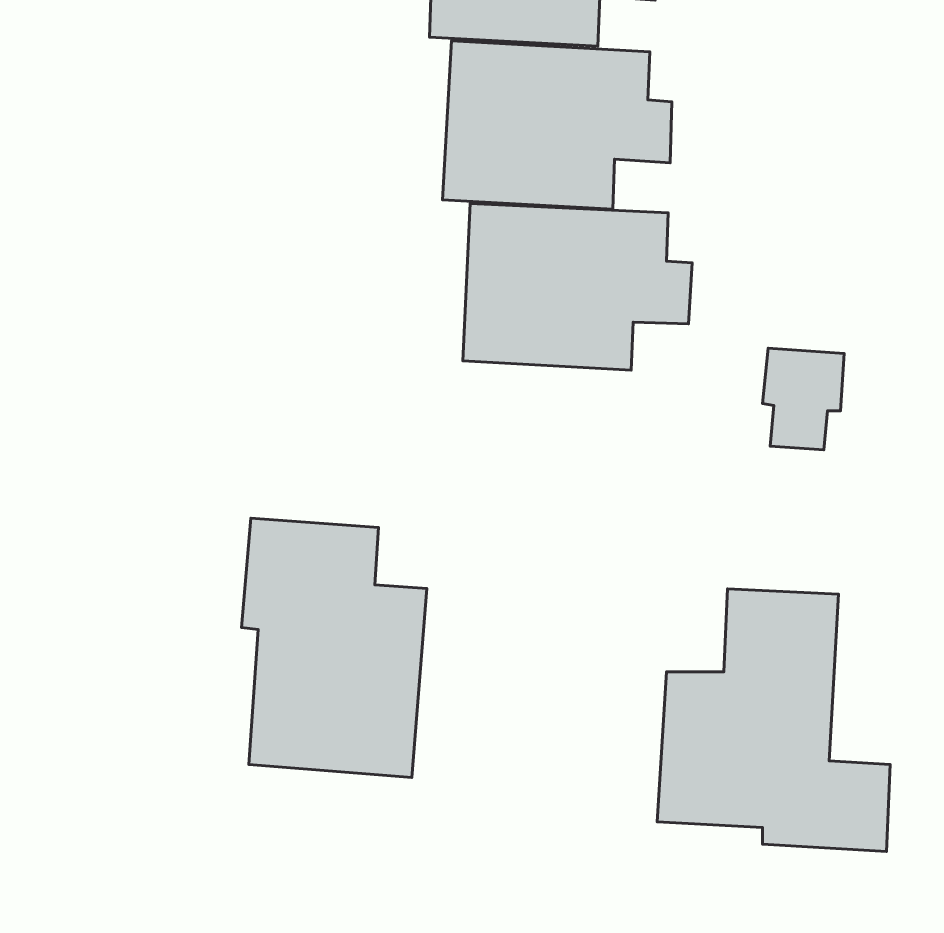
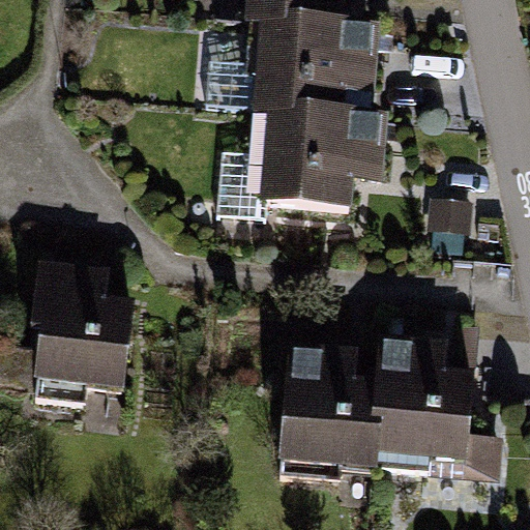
building: [242,518,427,777] -> [30,262,134,407]
building: none -> [278,338,374,477]

